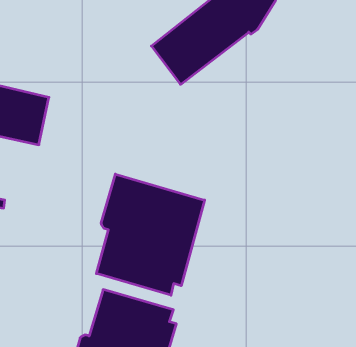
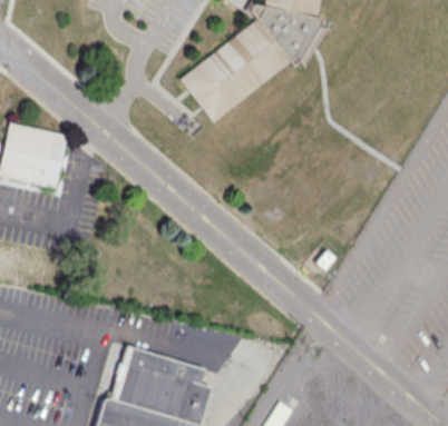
building: [96,174,205,295] -> none

